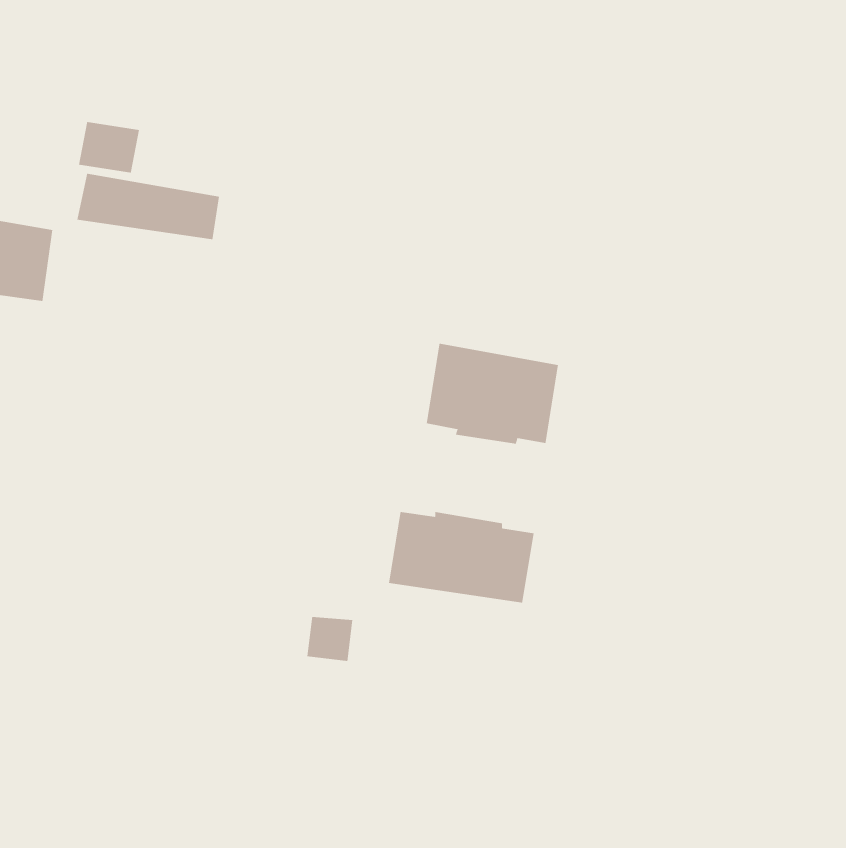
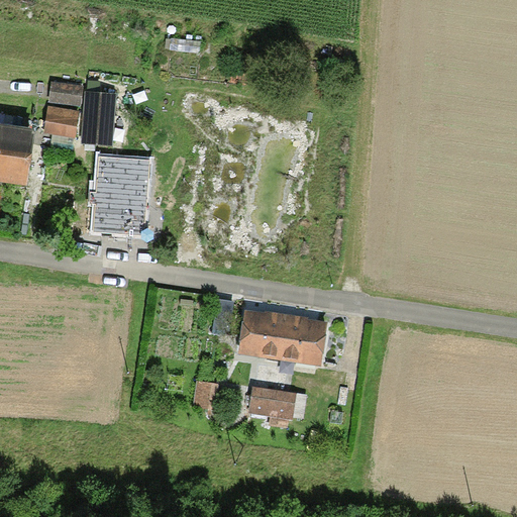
building: none -> [93,158,161,233]
building: [426,343,558,444] -> none
building: none -> [245,386,305,425]

